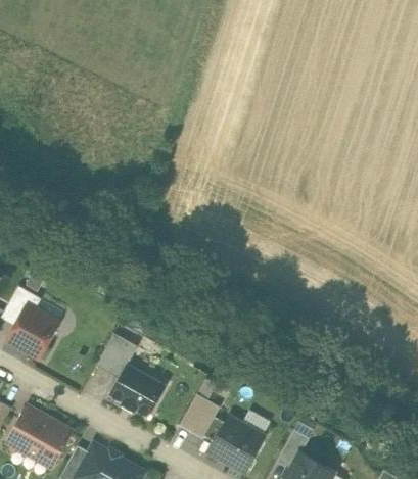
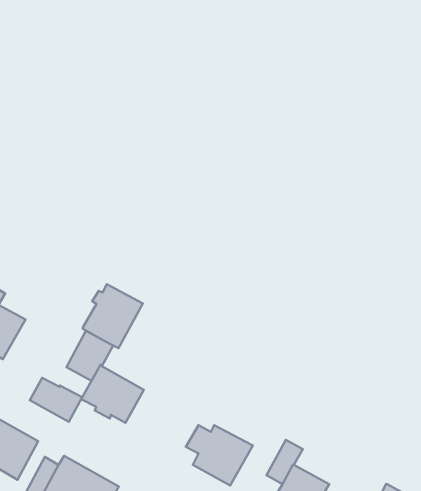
building: none -> [83,284,143,348]
building: none -> [30,378,82,422]
building: [179,394,220,439] -> none

